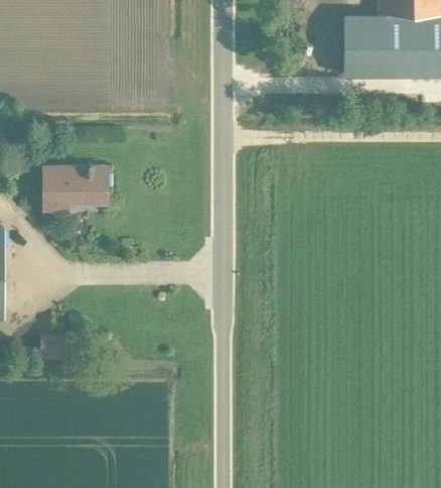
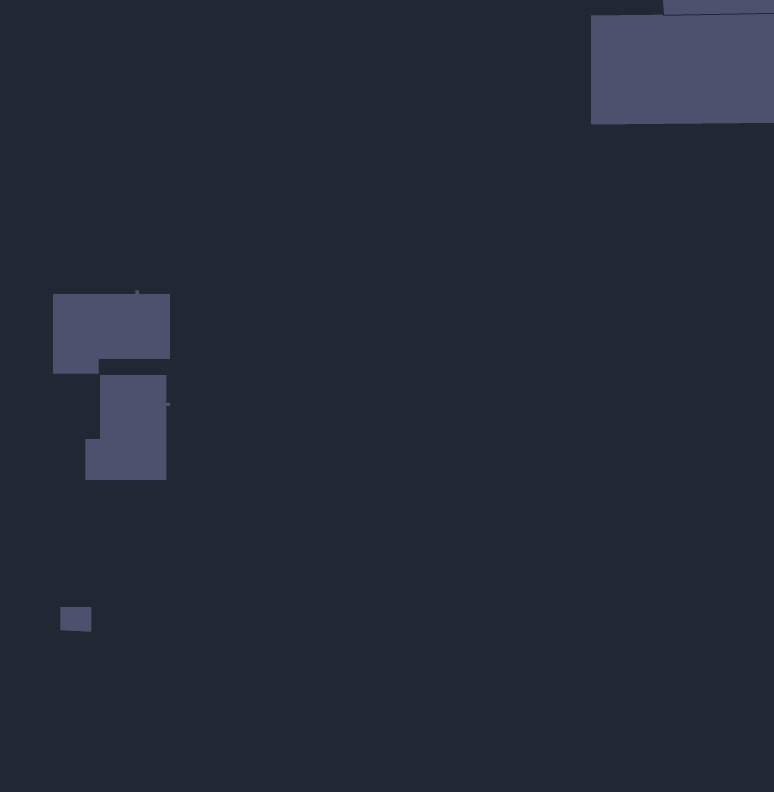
building: none -> [85,374,170,481]

